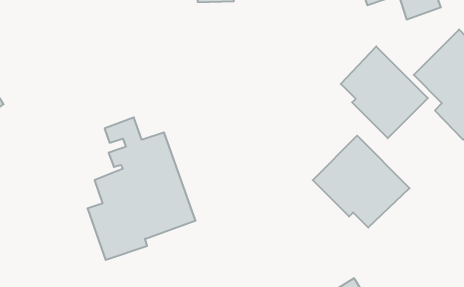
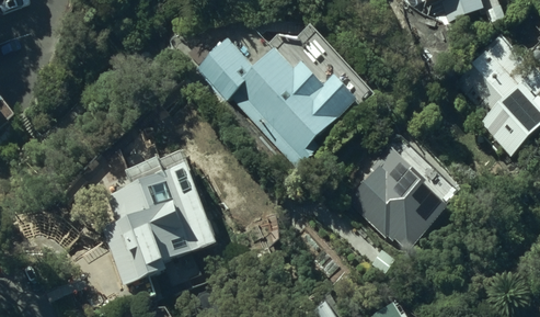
building: none -> [196,37,355,166]
building: [341,46,428,138] -> none

